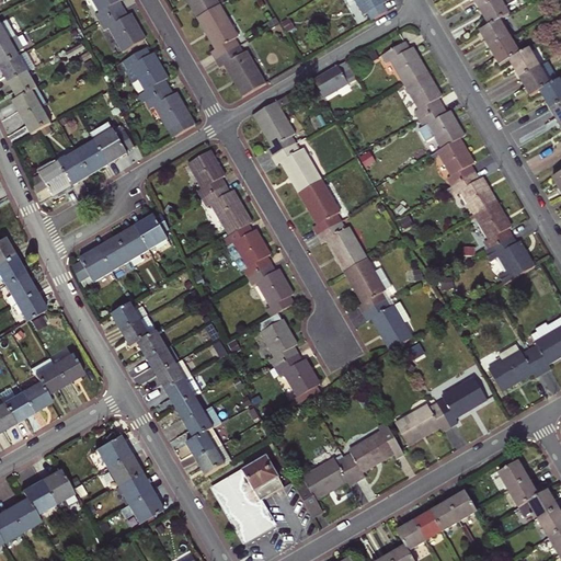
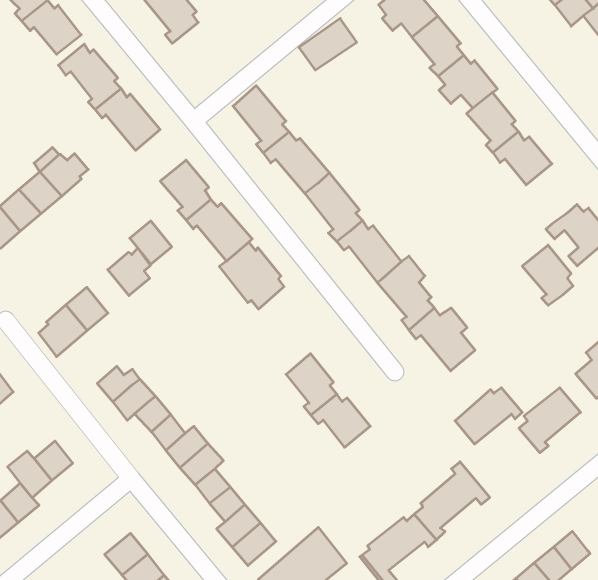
building: [215,44,264,94] -> none
building: [473,201,511,248] -> [522,245,573,305]
building: [116,226,148,260] -> [130,221,172,264]
building: [248,262,294,316] -> none
building: [396,403,449,444] -> [455,388,522,444]

